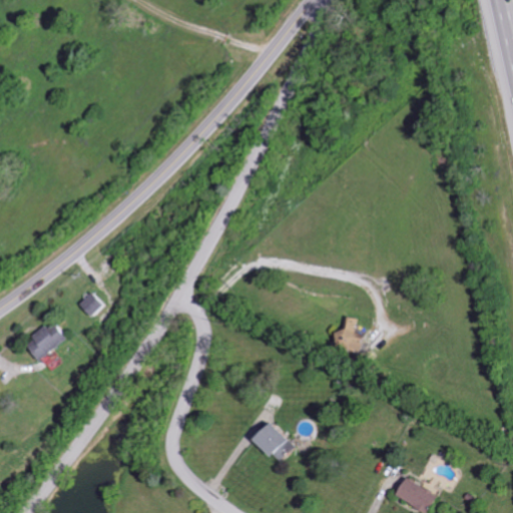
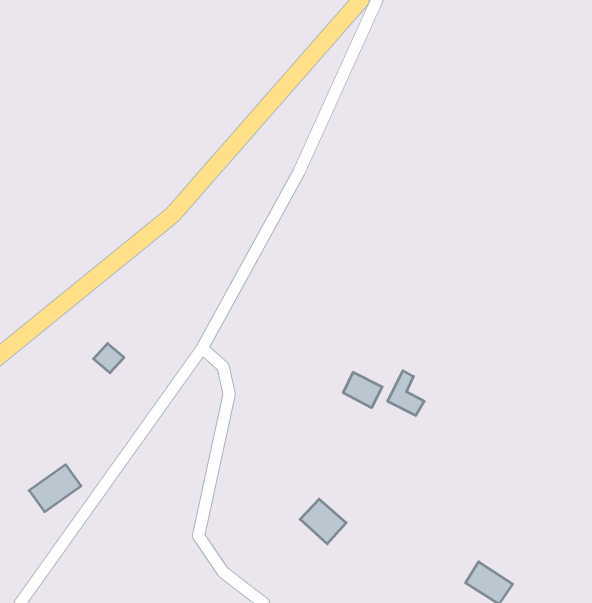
building: none -> [343,372,382,408]
building: [24,321,68,361] -> [29,465,81,512]

